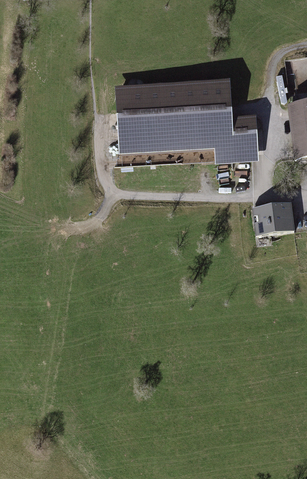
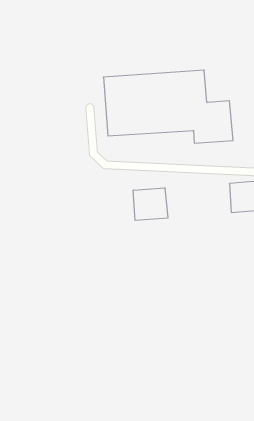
building: none -> [133,188,168,220]

